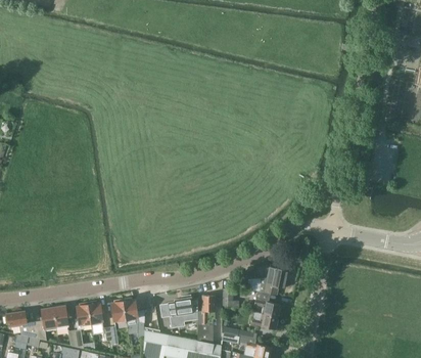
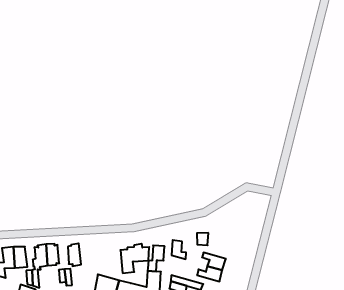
building: [264,269,287,296] -> none
building: [122,299,144,338] -> none

